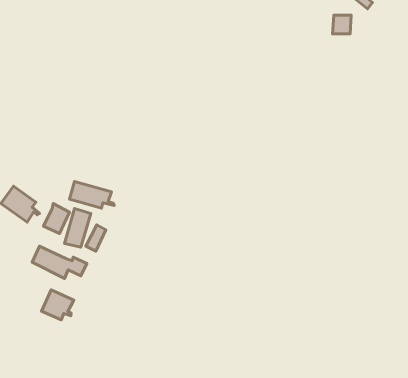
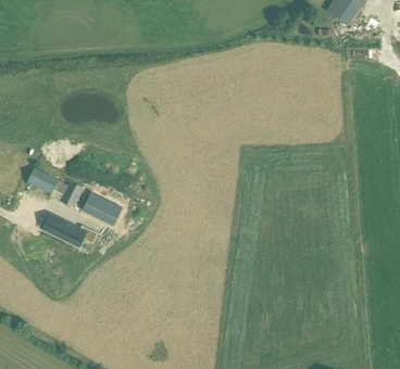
building: [70,181,114,208] -> none
building: [41,290,74,320] -> none

